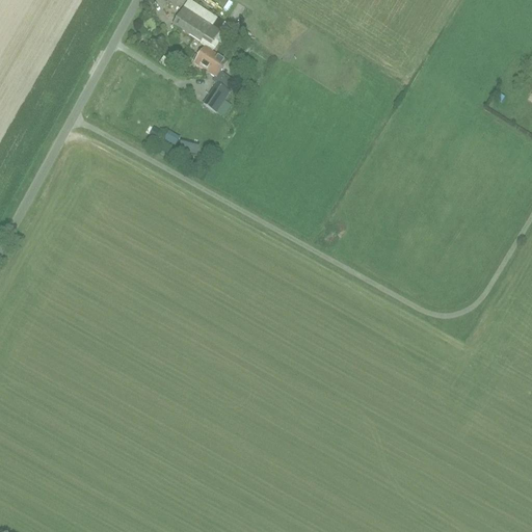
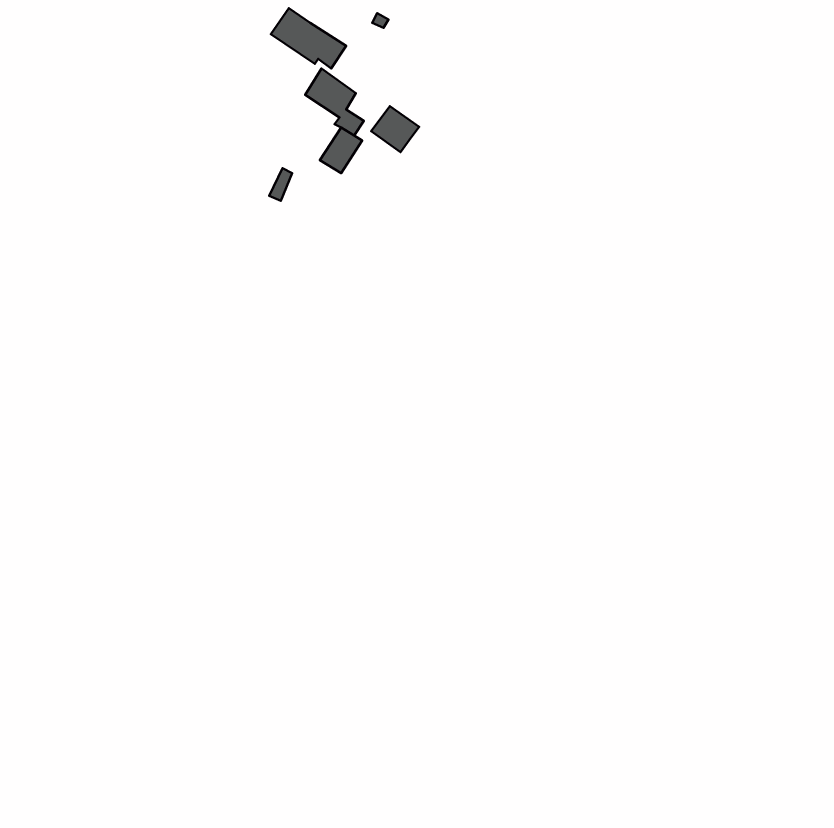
building: none -> [371,106,419,152]

